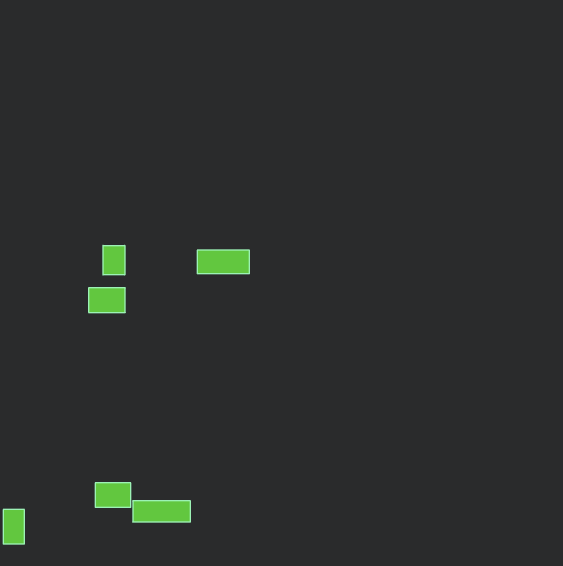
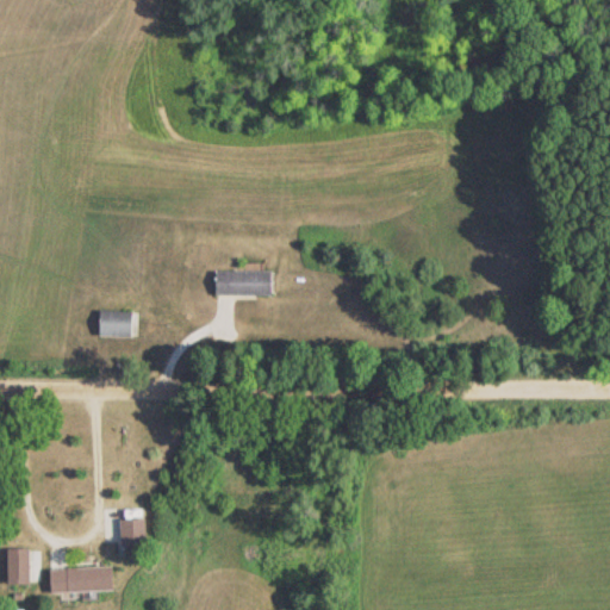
building: [103,245,125,275] -> none
building: [133,501,190,522] -> [50,568,112,591]

